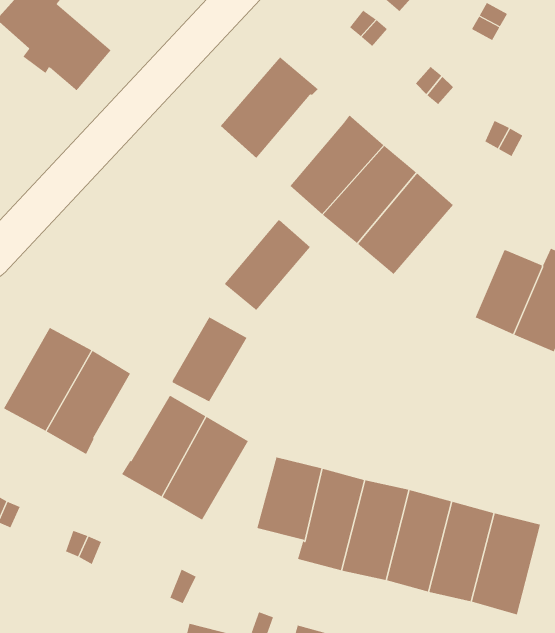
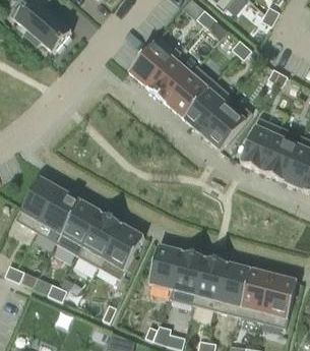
building: none -> [240,117,283,172]
building: [224,220,311,311] -> [147,55,193,103]
building: [172,317,247,404] -> [62,201,102,247]

